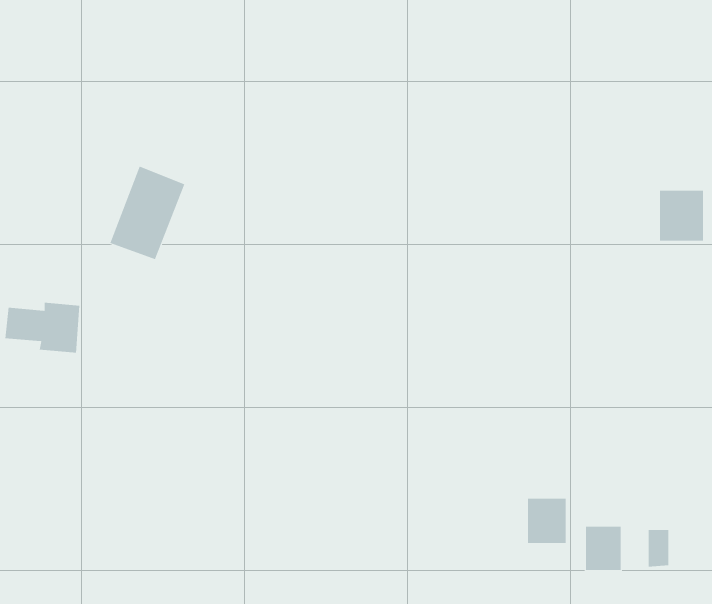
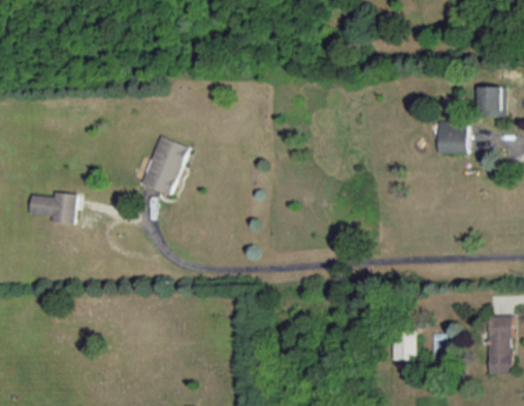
building: [110,166,185,260] -> [140,136,188,195]
building: [528,498,566,544] -> none

